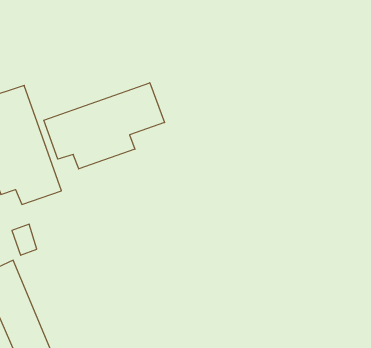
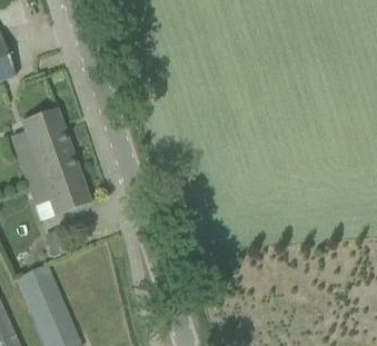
building: [44,83,165,169] -> none

